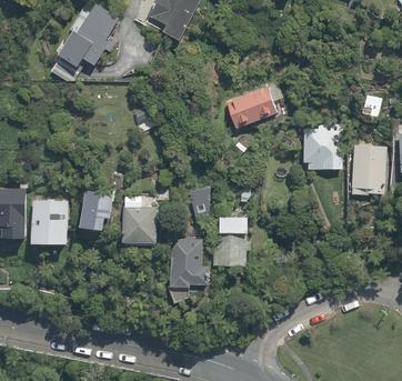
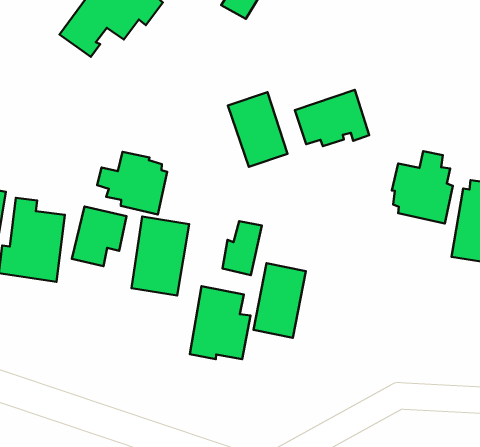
building: none -> [228,92,287,167]
building: none -> [97,152,167,214]

